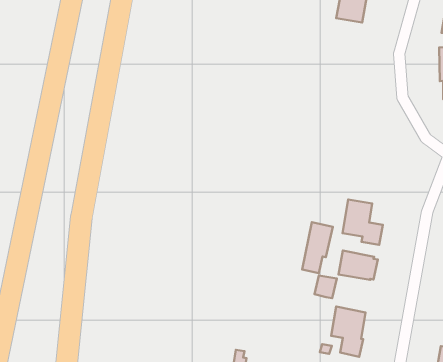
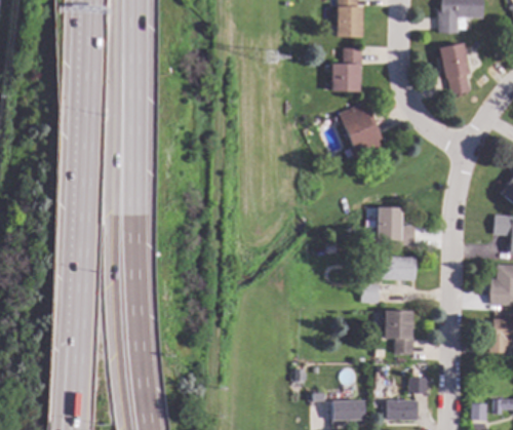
building: none -> [330,46,362,91]
building: none -> [339,103,382,157]
building: [302,222,333,273] -> none

